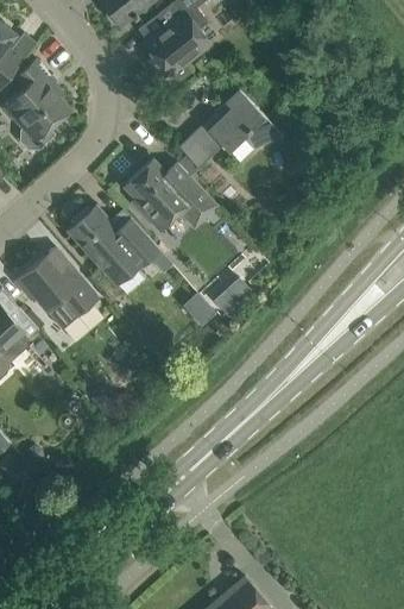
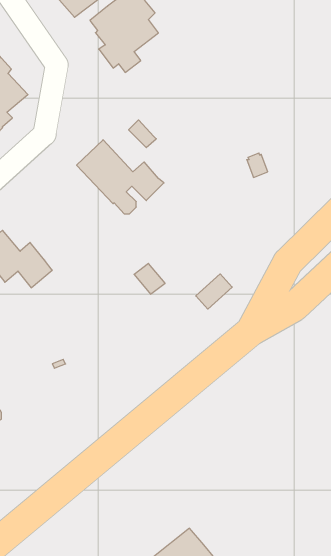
building: [208,90,283,151] -> none
building: [67,205,160,287] -> none
building: [213,277,252,315] -> [196,274,232,309]

